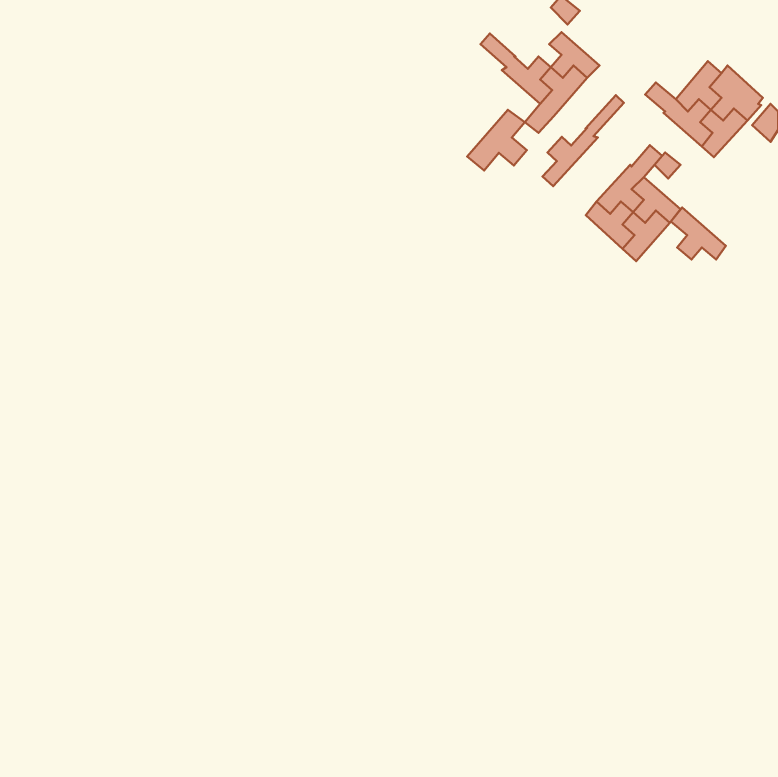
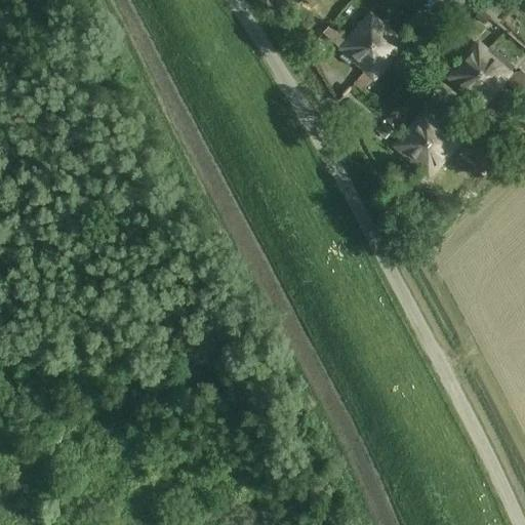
building: none -> [346,13,377,46]
building: [543,95,624,186] -> none
building: [467,110,527,171] -> none
building: [671,207,726,260] -> none

